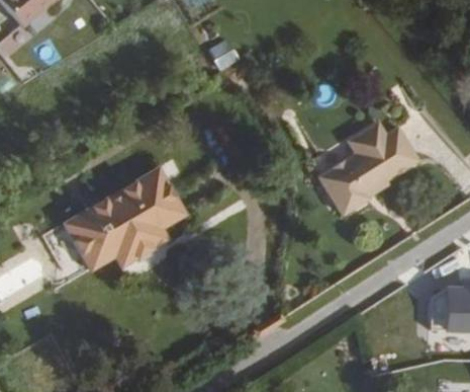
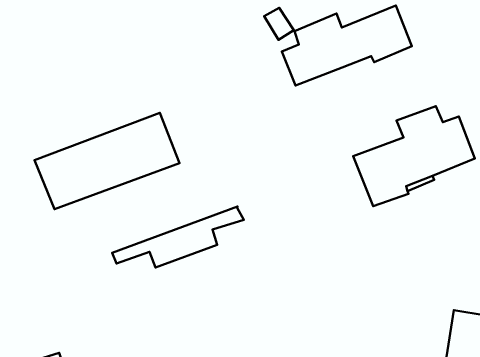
building: none -> [282,6,412,85]
building: [84,205,187,268] -> [112,207,244,268]

